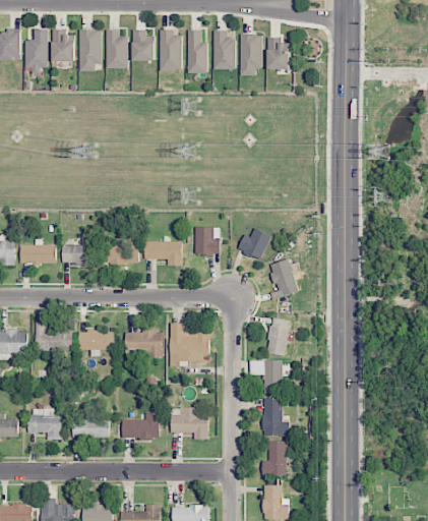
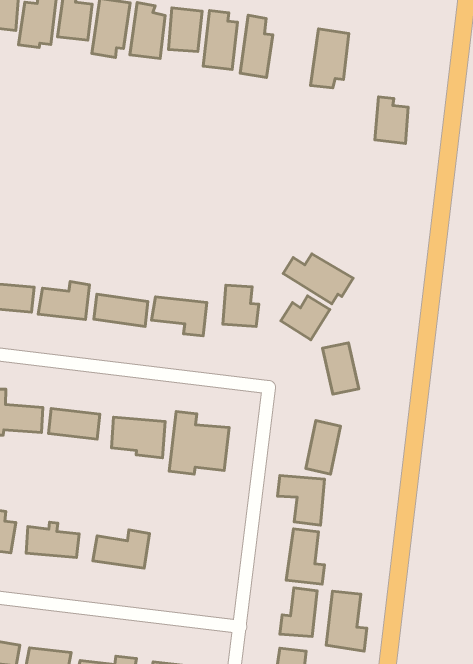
building: [212,31,235,69] -> none
building: [266,38,290,69] -> [375,97,408,143]
building: none -> [283,254,353,304]
building: [170,407,208,440] -> none
building: none -> [326,591,367,651]

